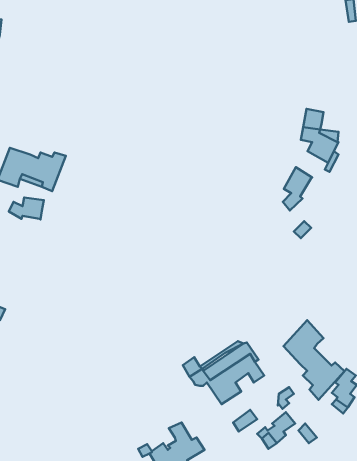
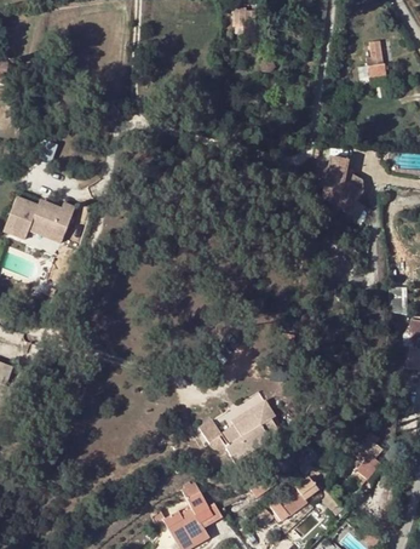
building: [283,167,312,211] -> none
building: [9,197,44,219] -> none
building: [284,320,345,400] -> none

